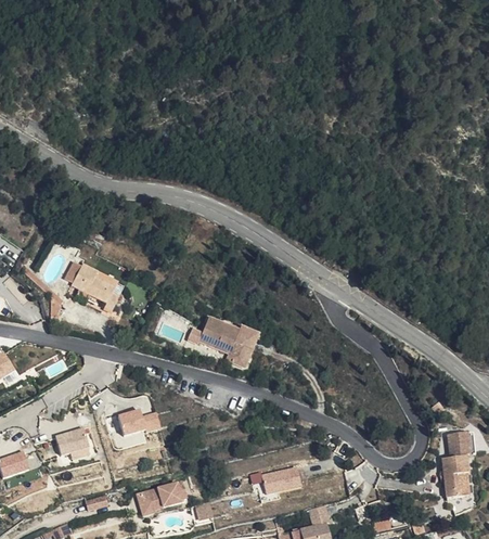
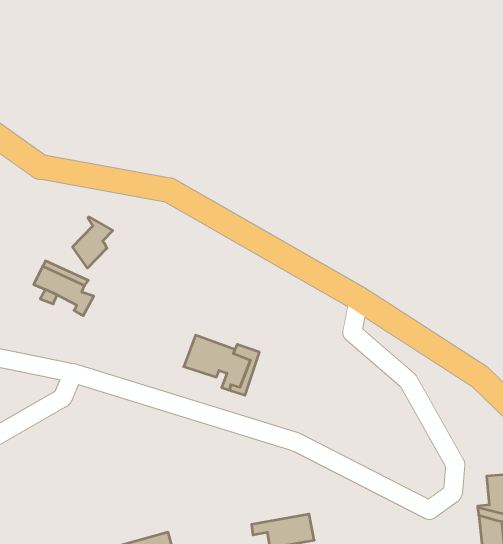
building: none -> [73,217,113,268]
building: [117,409,162,438] -> none
building: [54,426,90,457] -> none

